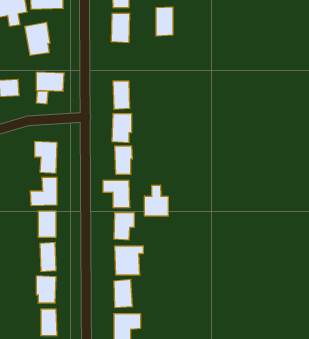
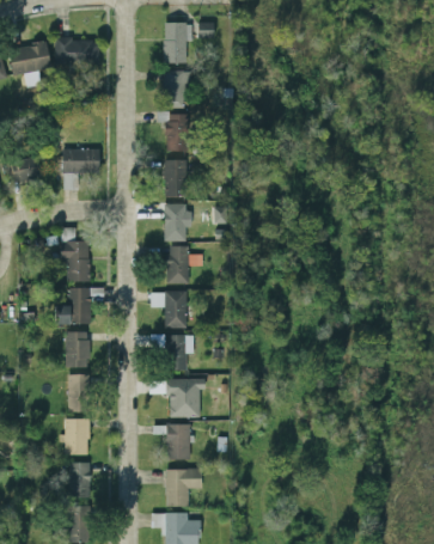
building: [156,7,173,36] -> [165,114,188,152]
building: [25,22,50,56] -> none
building: [145,185,168,216] -> none

